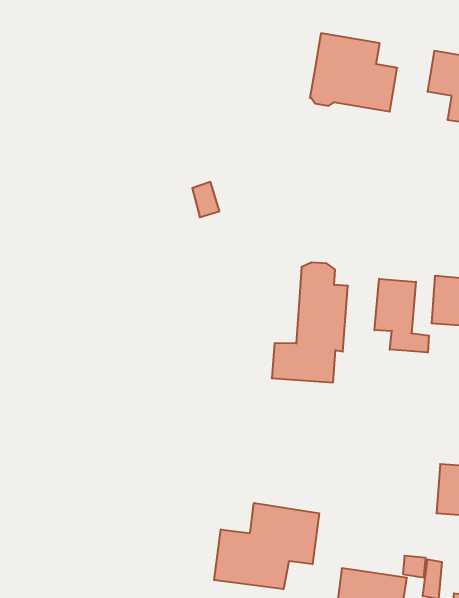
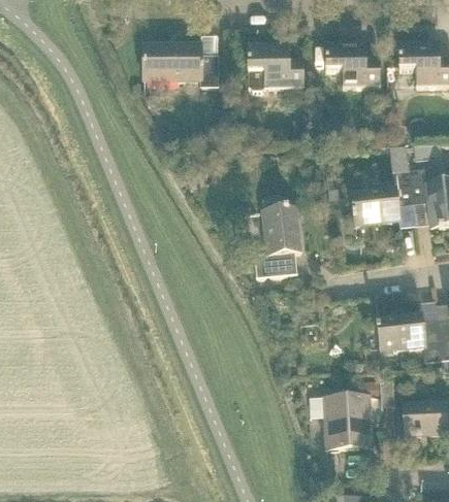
building: none -> [145,45,218,87]
building: [375,279,429,353] -> none
building: [214,503,319,589] -> none

